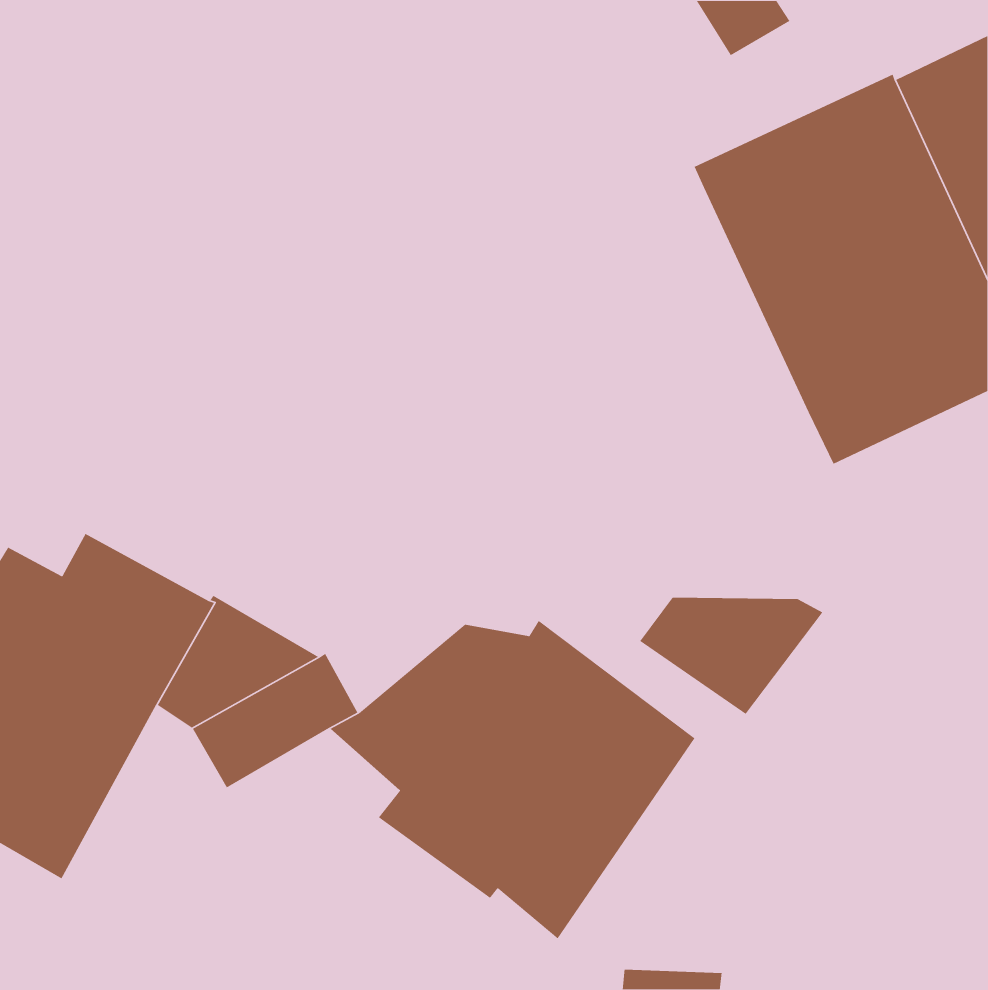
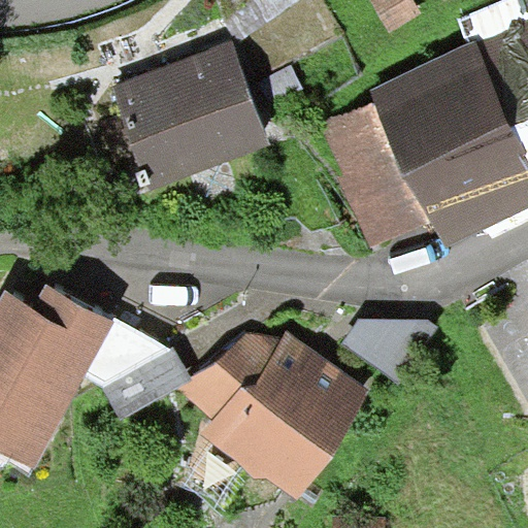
building: none -> [109,43,268,189]
building: none -> [318,100,430,248]

